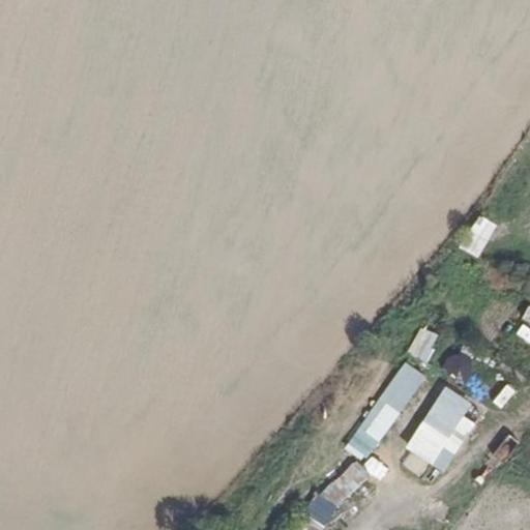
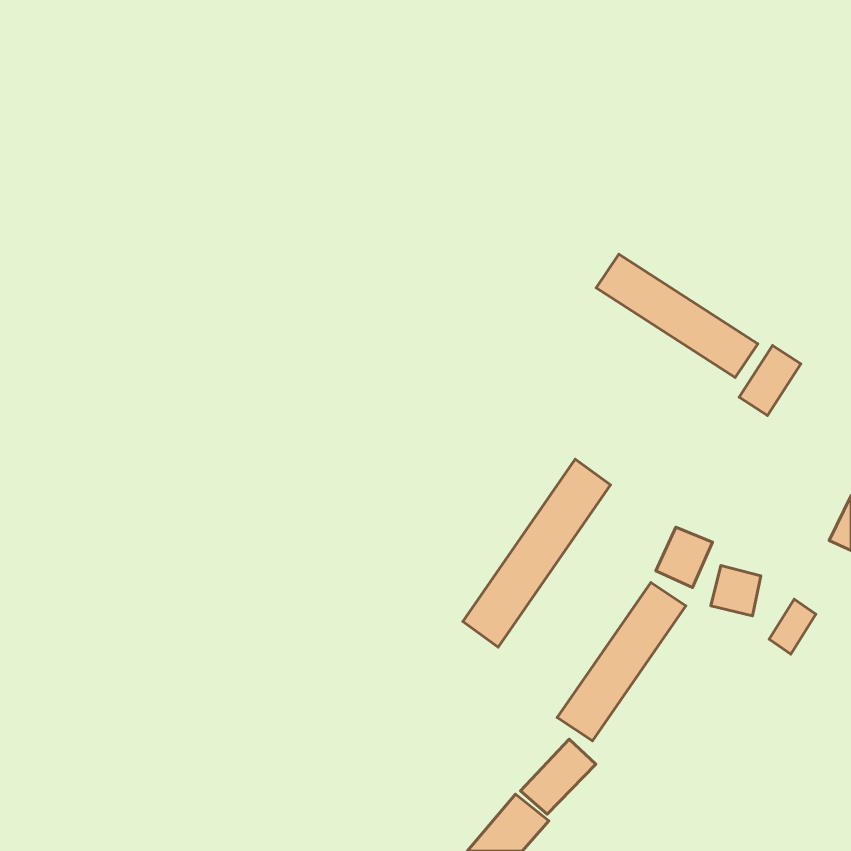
building: none -> [596,254,758,377]
building: none -> [463,459,611,647]
building: [406,386,473,472] -> none

